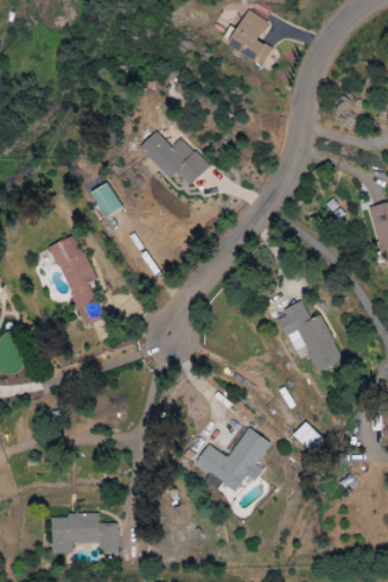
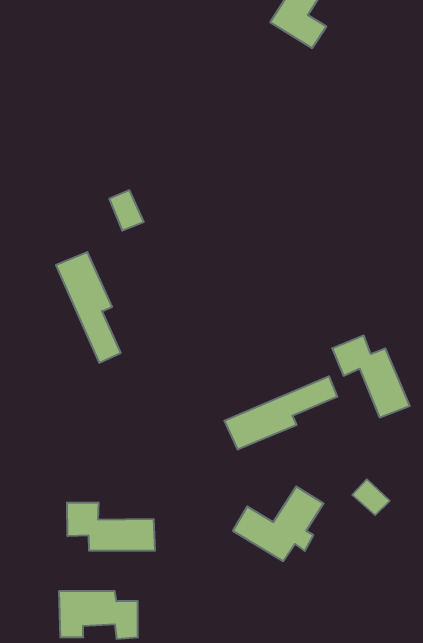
building: [140,131,209,184] -> none
building: none -> [224,376,337,450]
building: none -> [67,502,155,551]

